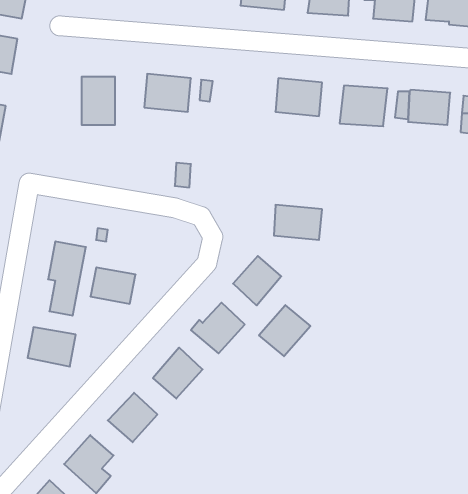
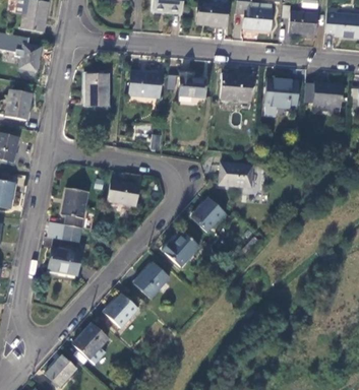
building: none -> [178,72,206,99]
building: [90,267,136,304] -> [107,180,138,205]
building: [259,305,310,356] -> none

